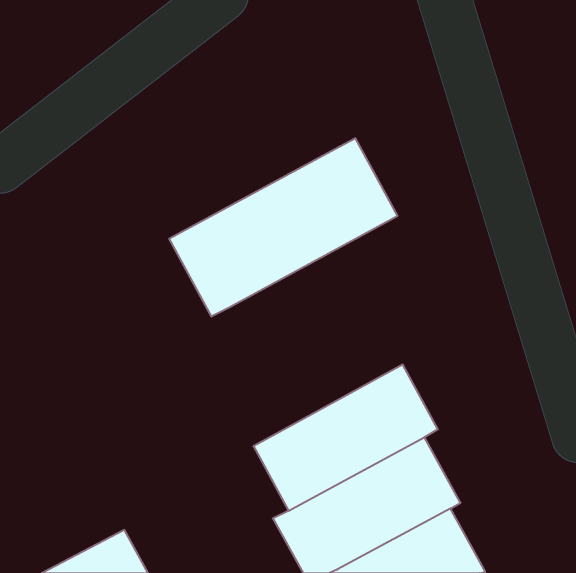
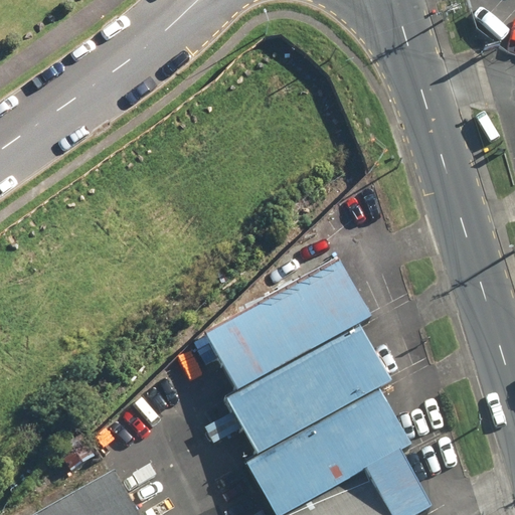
building: [169,138,397,317] -> none
building: none -> [207,263,370,390]

